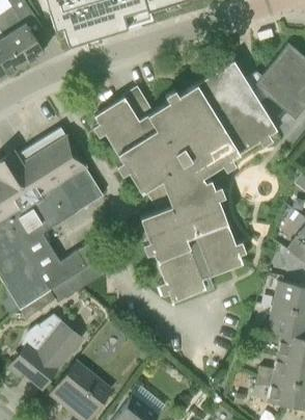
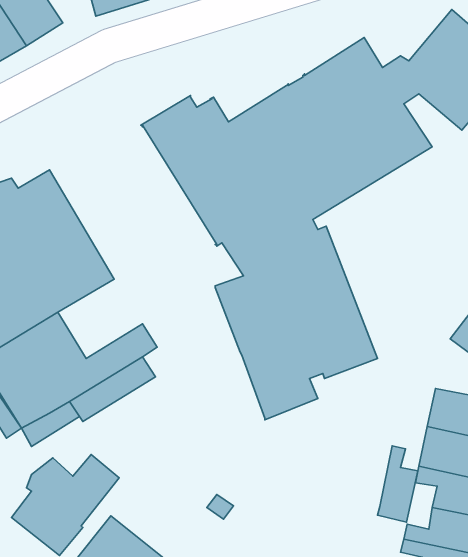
building: [36,127,103,212] -> none
building: none -> [378,446,418,522]

